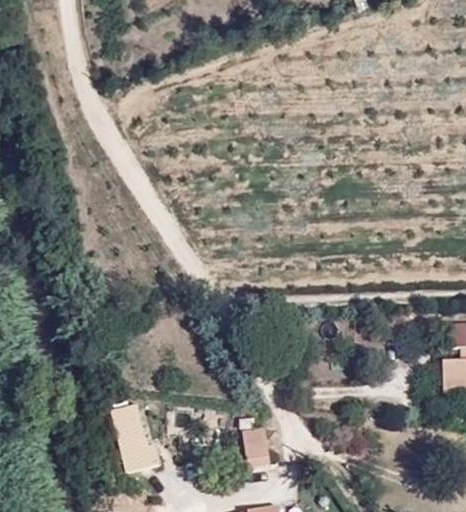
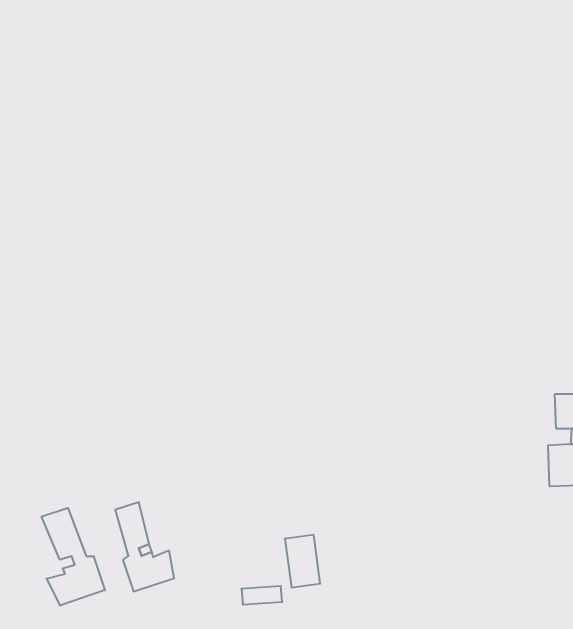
building: none -> [42,508,105,606]

